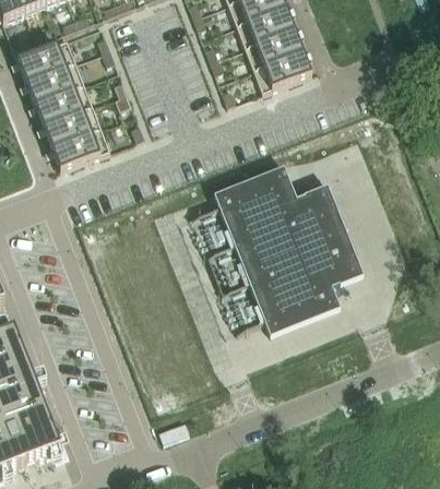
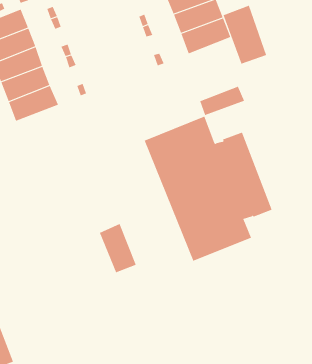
building: none -> [223,5,267,65]
building: none -> [199,86,245,116]
building: none -> [99,223,136,273]

